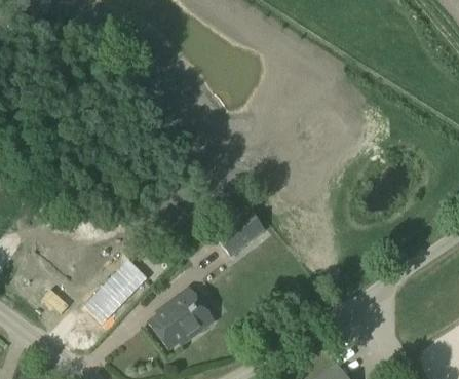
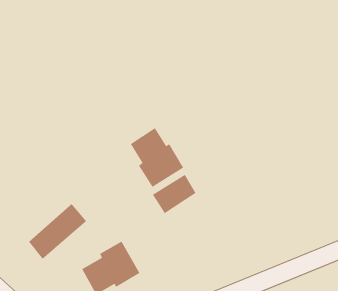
building: none -> [130,127,184,188]

